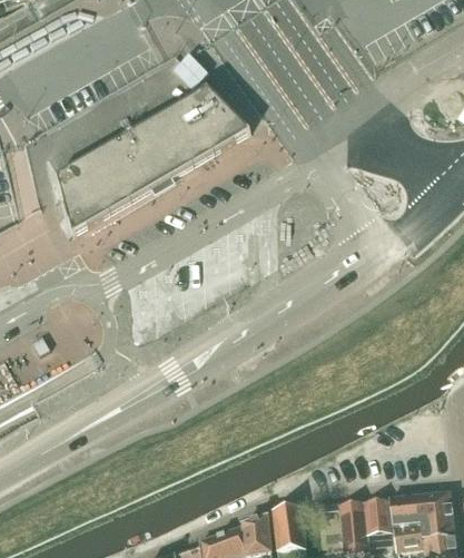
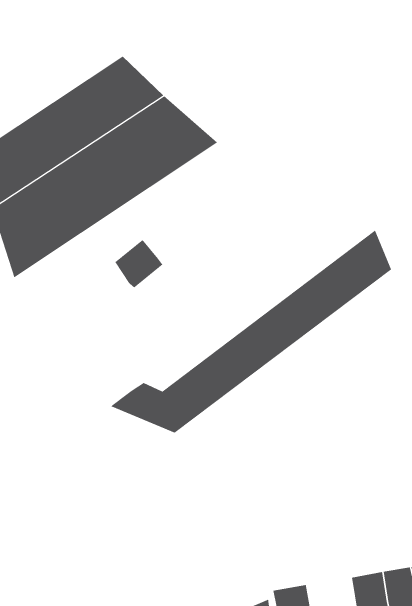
building: none -> [115,239,163,289]
building: none -> [109,229,392,433]

